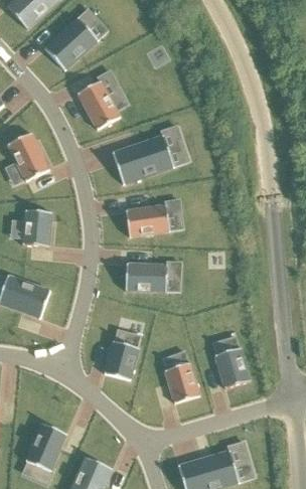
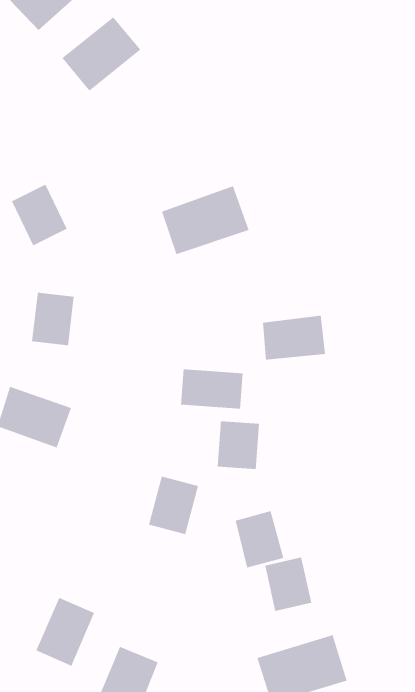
building: [76,80,118,128] -> none
building: [126,203,170,234] -> [262,315,326,360]
building: none -> [217,421,259,470]
building: [218,347,252,385] -> [264,557,312,612]

